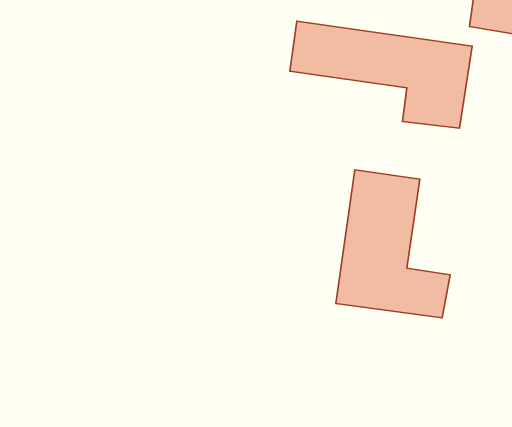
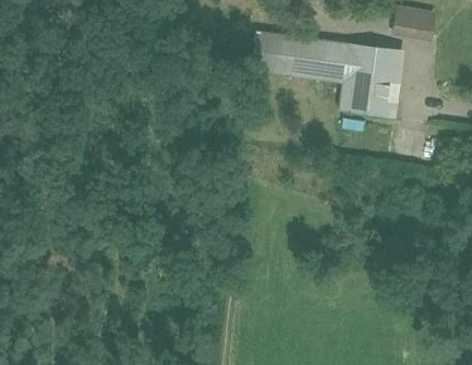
building: [336,170,450,318] -> none

